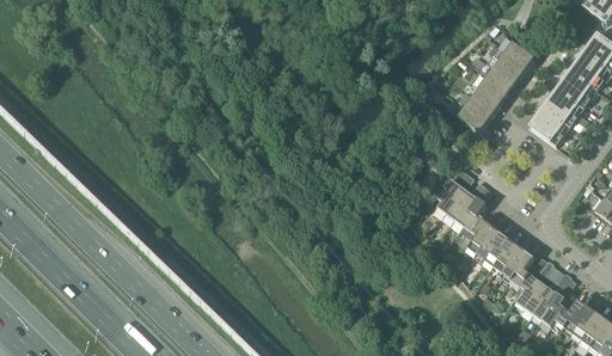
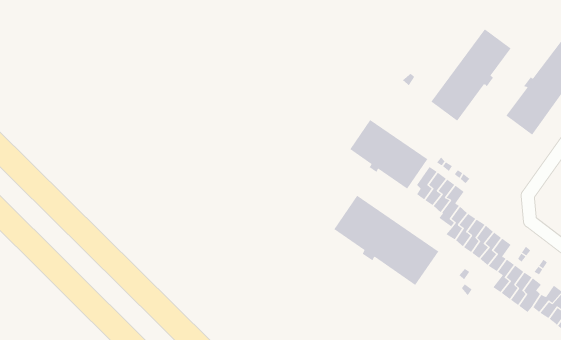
building: none -> [349,119,428,189]
building: none -> [334,195,439,286]

